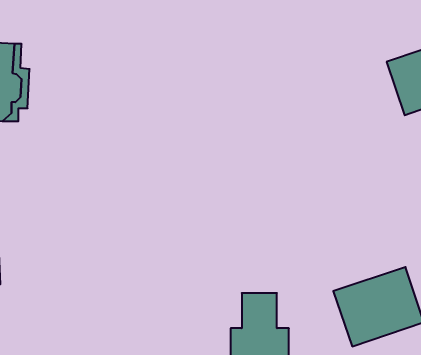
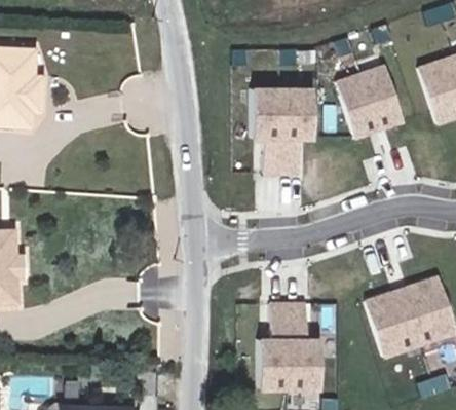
building: none -> [336,65,403,137]
building: none -> [251,87,311,173]

